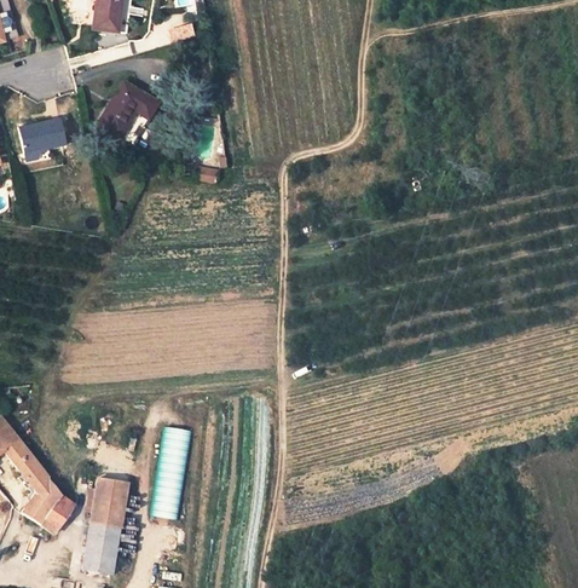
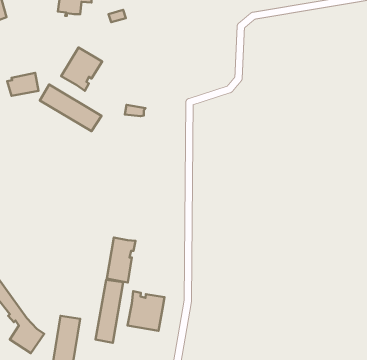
building: none -> [40,84,101,131]
building: none -> [107,237,135,282]
building: none -> [128,291,165,331]

